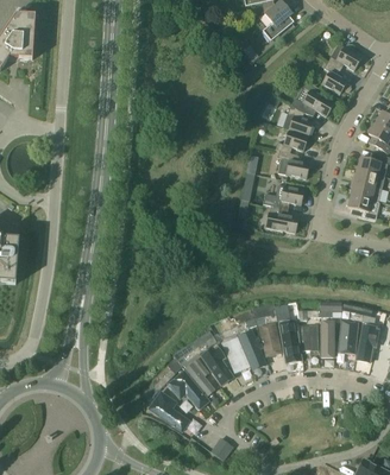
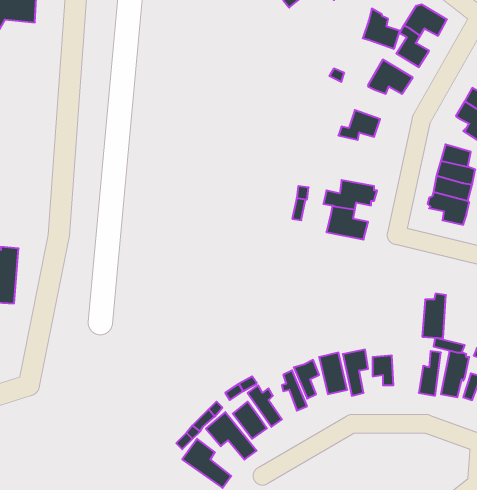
building: [283,104,313,137] -> [363,9,400,49]
building: [278,151,309,179] -> none
building: [321,319,340,355] -> [422,294,446,338]

